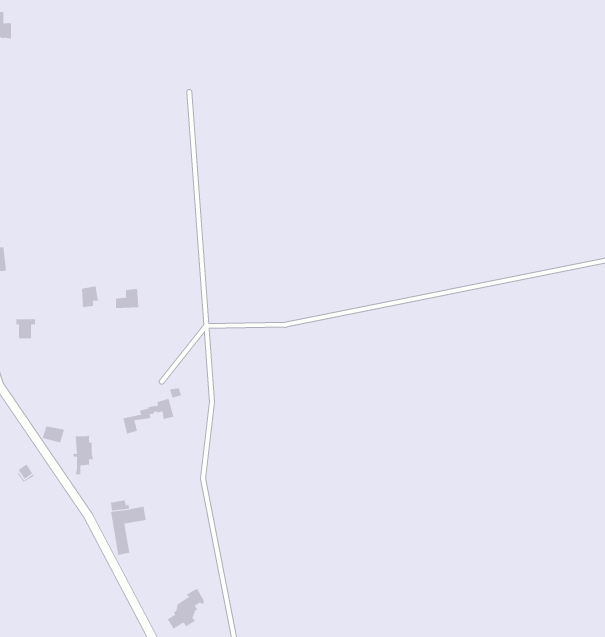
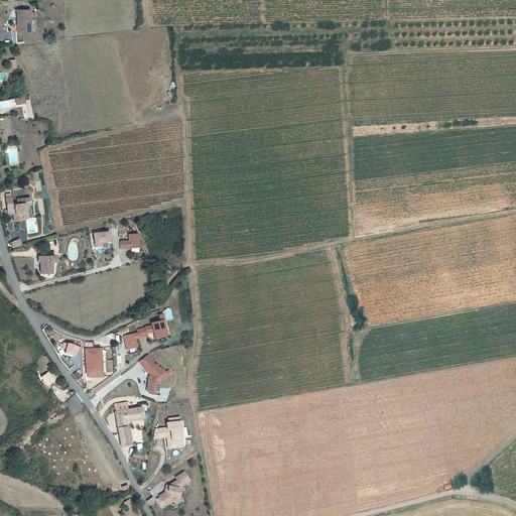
building: none -> [140,354,168,392]
building: none -> [154,416,181,447]

